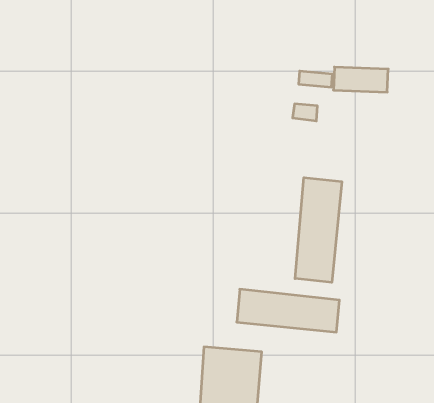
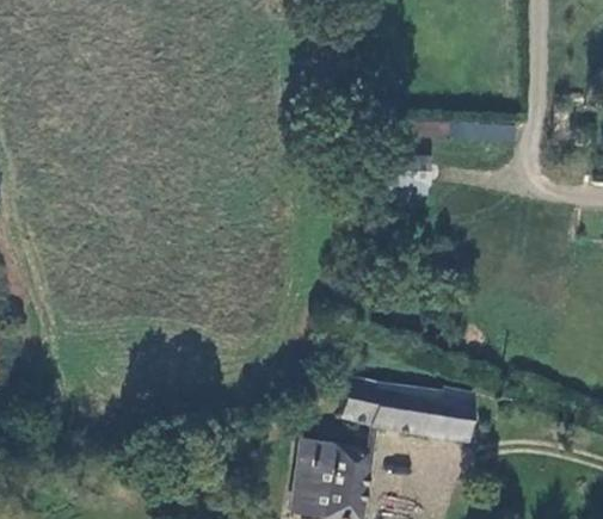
building: [295,178,342,282] -> none

